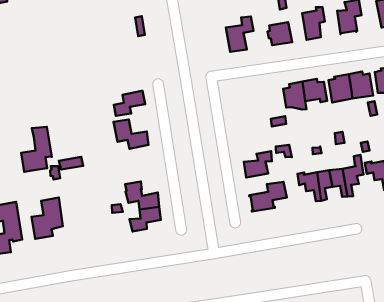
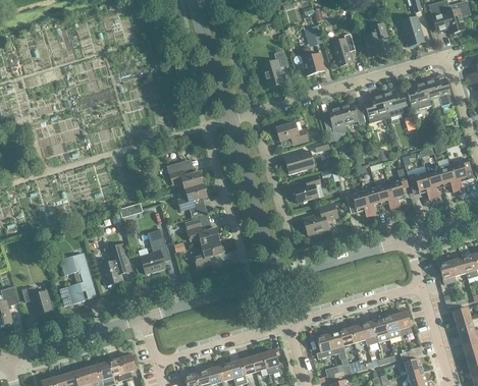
building: [114,91,145,116] -> [177,183,207,210]
building: none -> [276,122,308,145]
building: none -> [284,150,314,173]
building: [21,127,52,172] -> [140,229,169,274]

